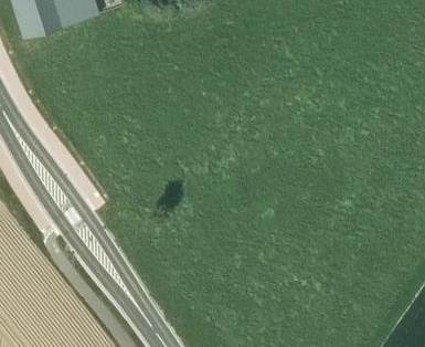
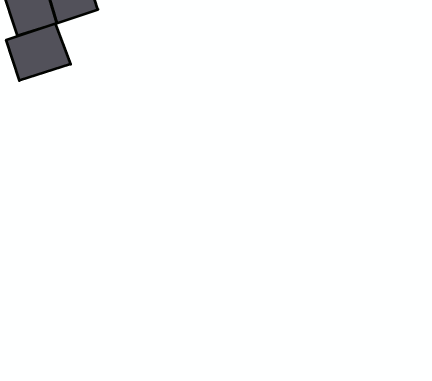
building: none -> [6,24,71,81]

